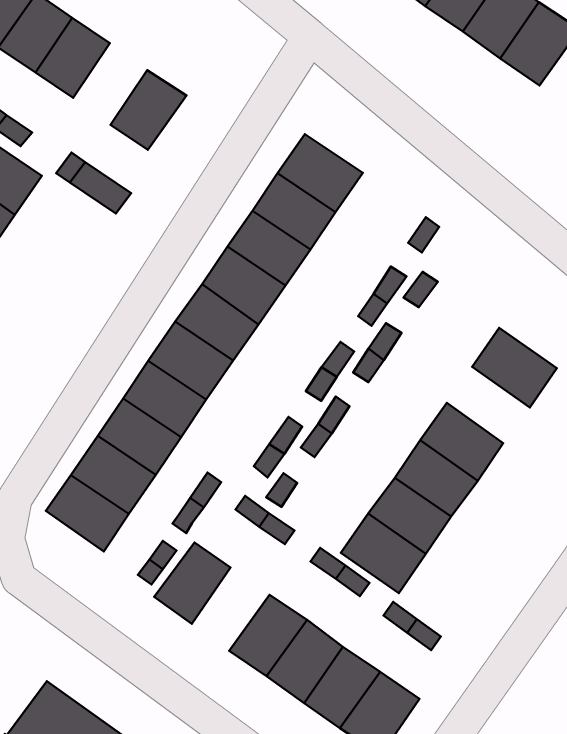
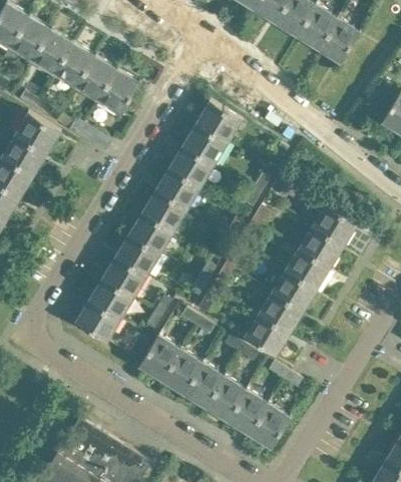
building: none -> [76,55,117,101]
building: none -> [298,226,345,269]
building: none -> [160,348,204,395]

